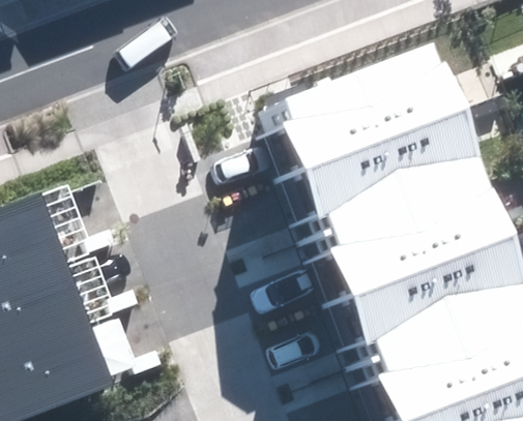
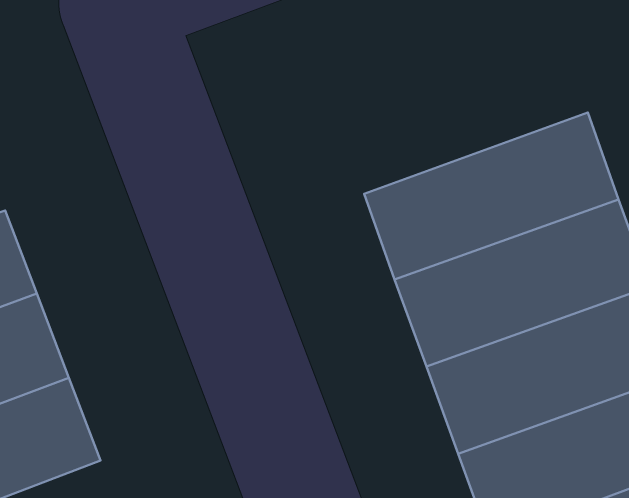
building: [272,62,464,187] -> none

